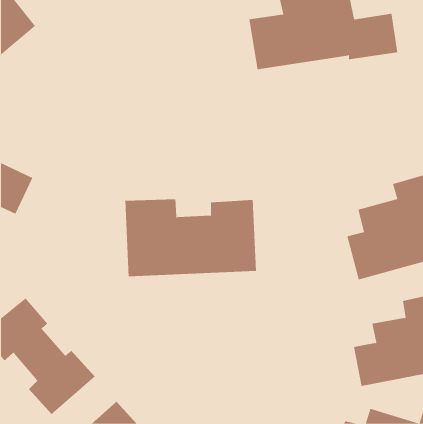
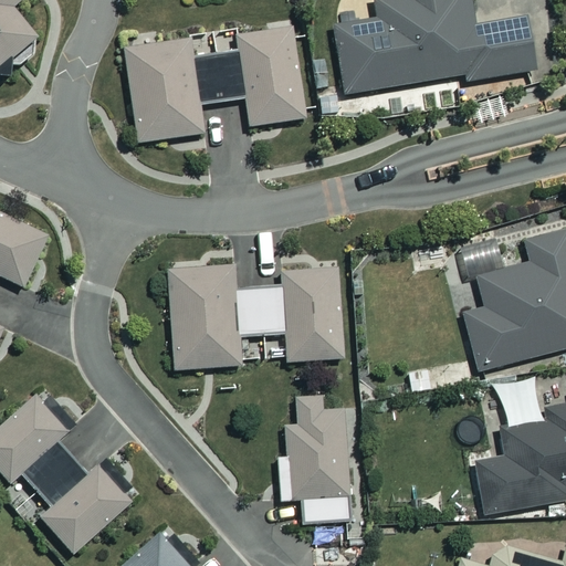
building: none -> [123,27,305,142]
building: none -> [275,394,348,525]

